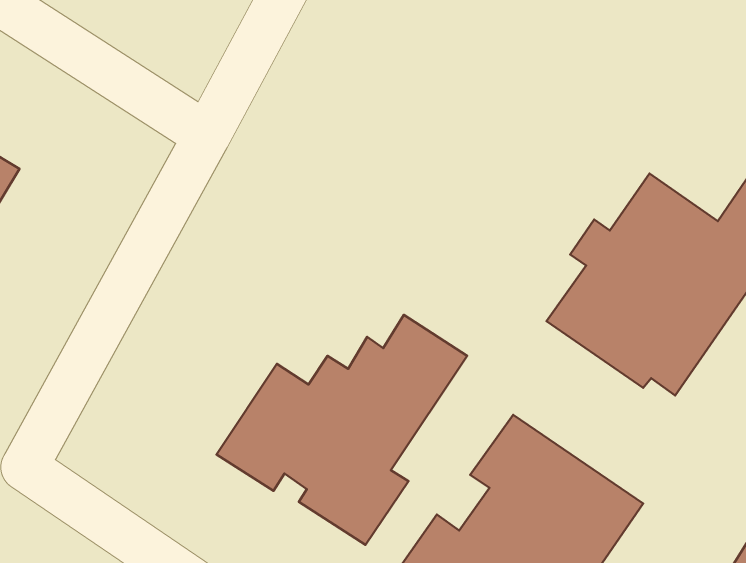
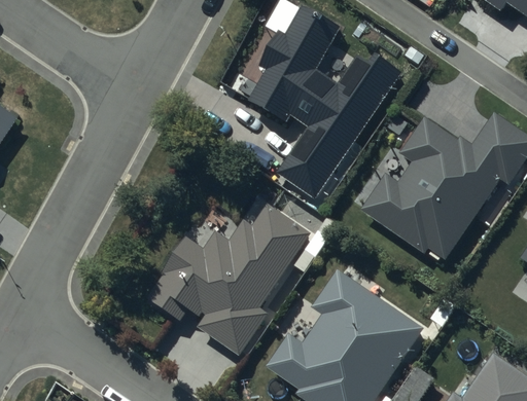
building: none -> [250,6,396,195]

